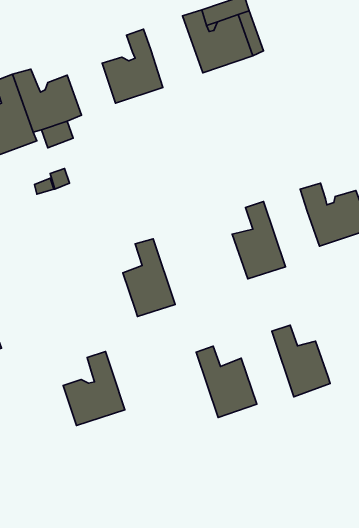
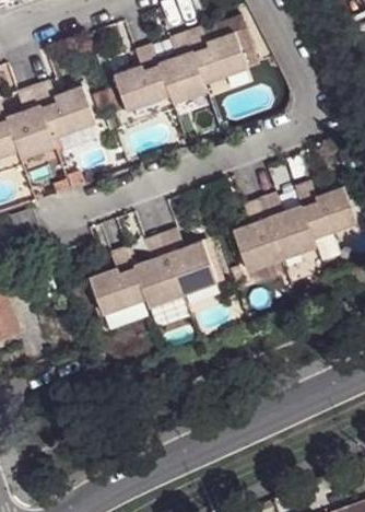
building: none -> [157,36,207,107]
building: [272,325,330,397] -> [259,198,311,263]
building: [196,346,257,418] -> [160,232,214,296]
building: [63,352,125,426] -> [87,248,143,315]

